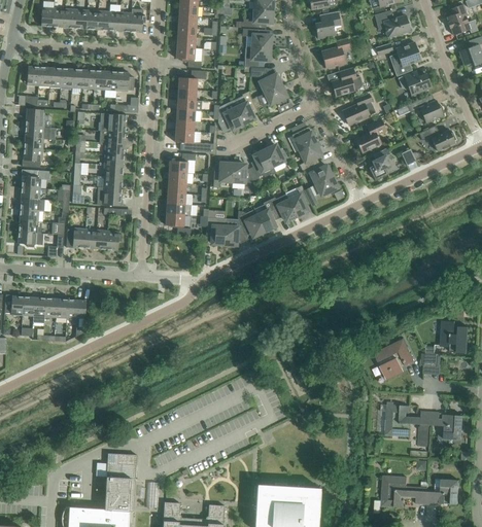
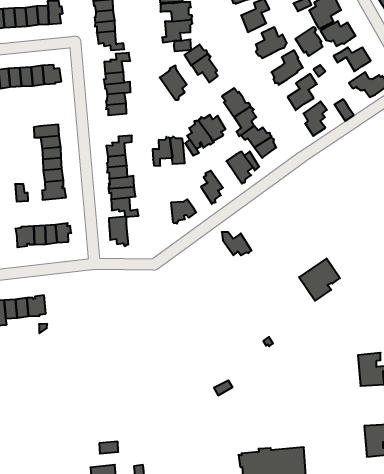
building: none -> [295,27,322,56]
building: [218,100,244,129] -> none
building: [101,112,127,132] -> none
building: [175,130,213,151] -> none
building: [269,194,298,220] -> none
building: [238,210,265,236] -> [222,232,252,255]
building: [206,216,226,246] -> [109,217,128,246]
building: [374,339,414,379] -> [299,258,340,301]

